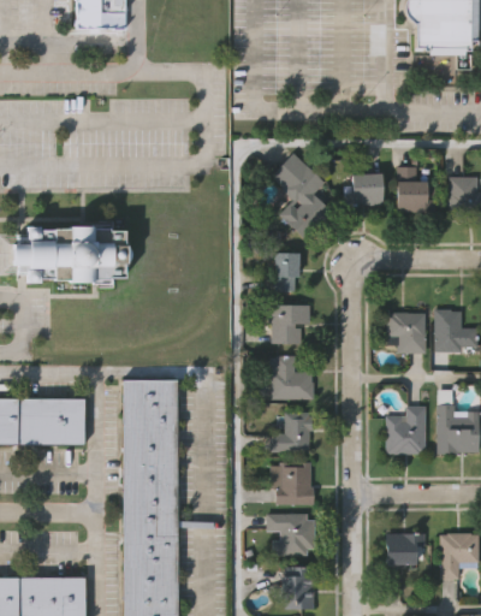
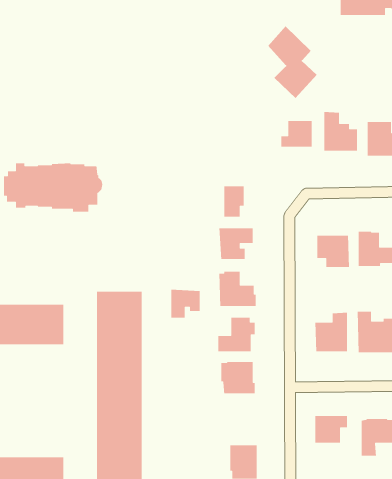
building: [272,153,332,241] -> [267,26,317,99]
building: none -> [170,289,201,319]
building: [266,514,316,556] -> none

